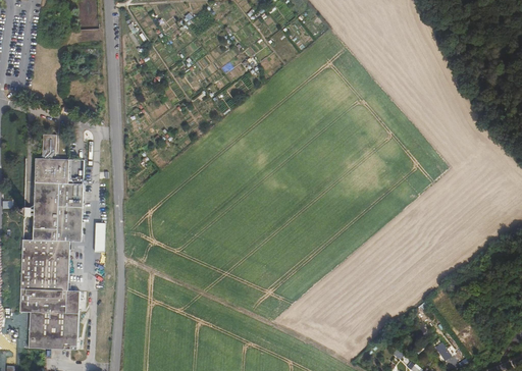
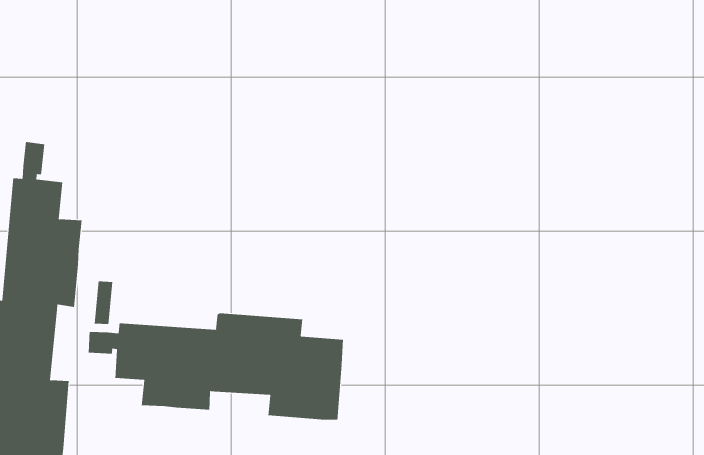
building: none -> [88,312,343,421]

